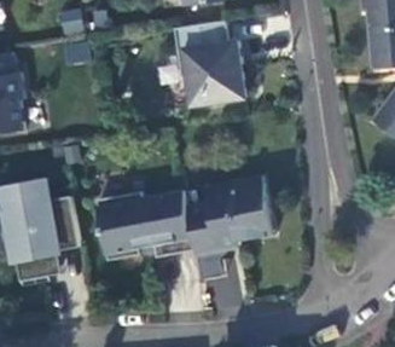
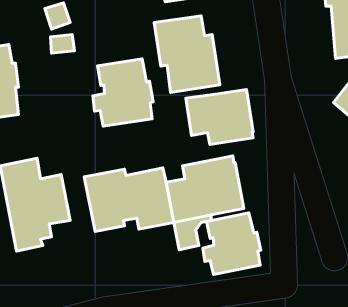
building: none -> [93,59,153,126]
building: none -> [186,89,253,145]
building: none -> [203,213,261,274]

